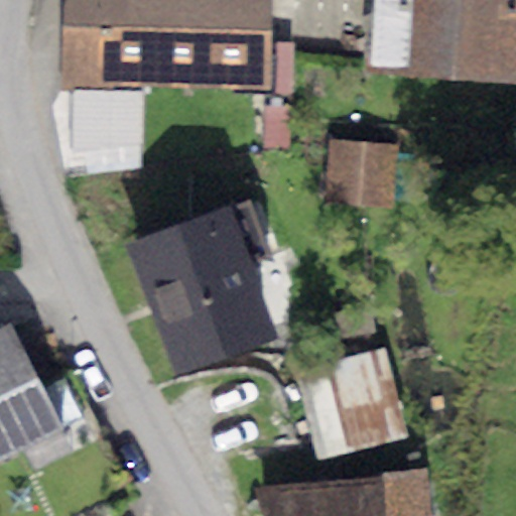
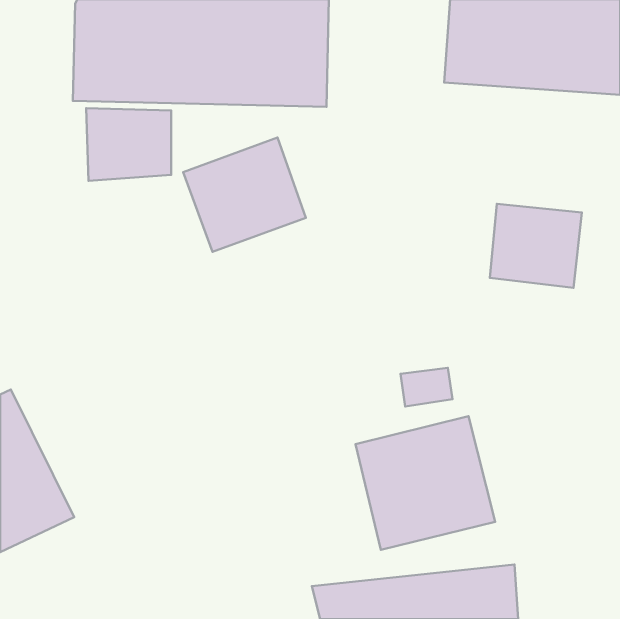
building: none -> [183,138,306,252]
building: [322,140,399,210] -> [490,204,582,288]
building: [131,200,279,372] -> none

